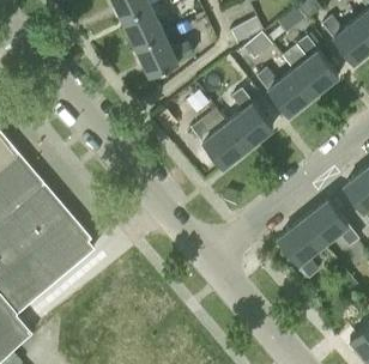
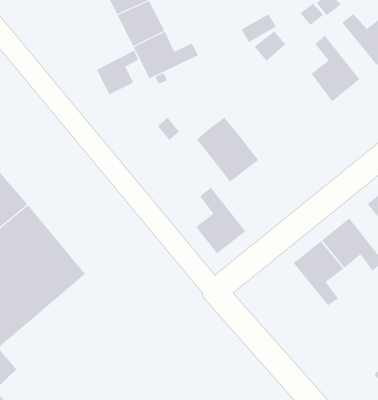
building: none -> [96,50,139,95]
building: [256,69,313,117] -> none
building: [229,89,274,148] -> [195,187,246,254]

